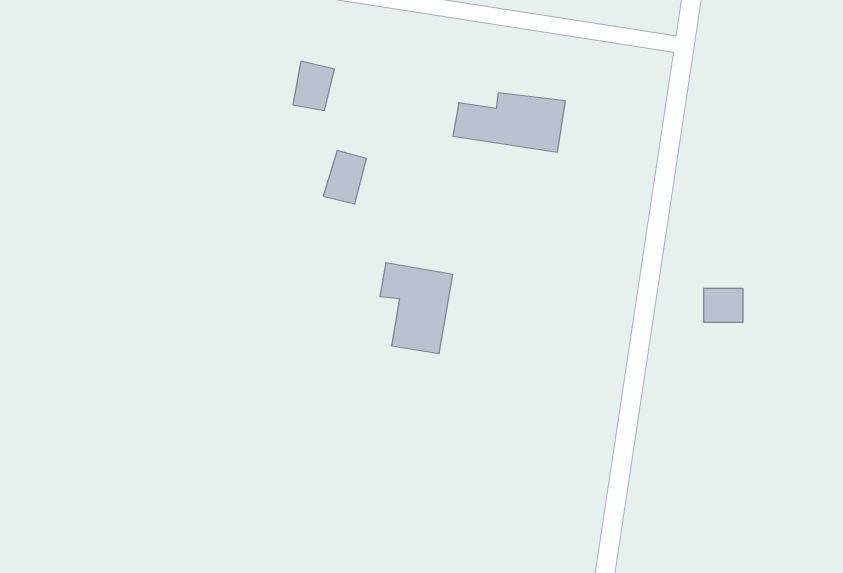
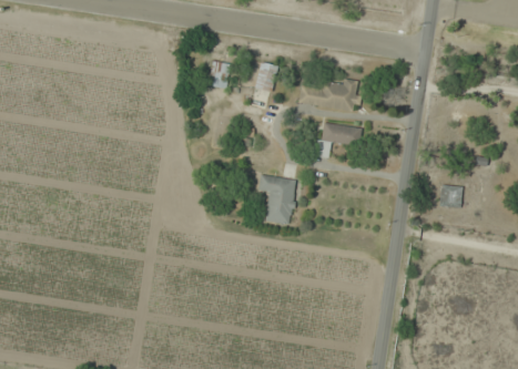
building: [323,151,367,204] -> [253,61,277,91]
building: none -> [314,122,362,157]

